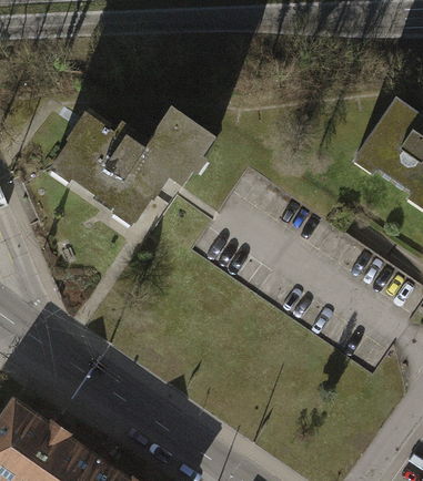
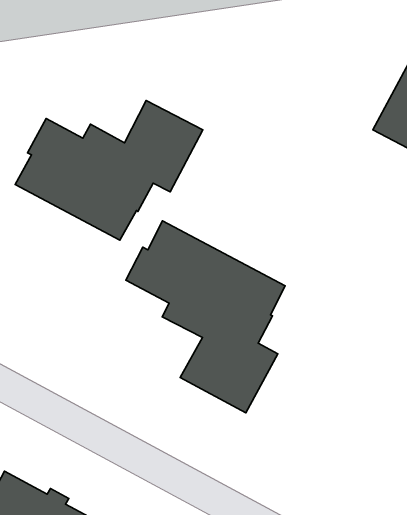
building: none -> [126,221,285,413]

